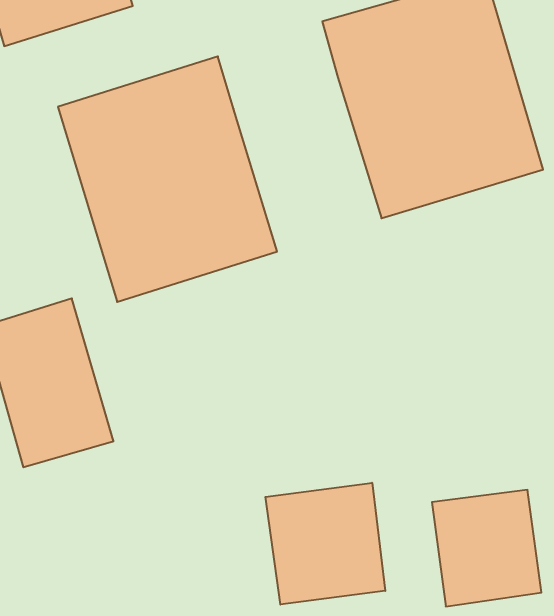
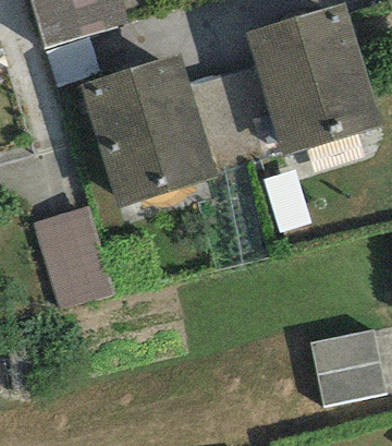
building: none -> [188,68,281,177]
building: [265,483,385,605] -> none

